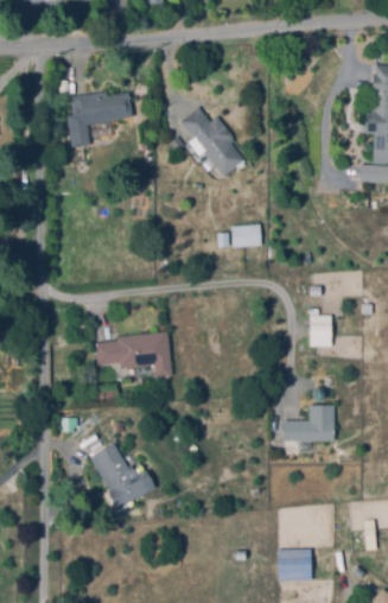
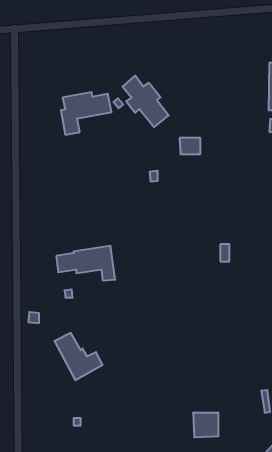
building: [65,91,132,147] -> [61,92,112,135]
building: [230,226,257,247] -> [180,138,200,154]
building: [284,405,333,440] -> none

